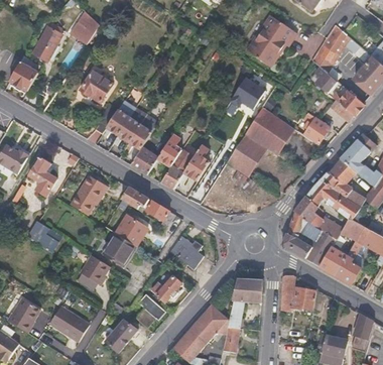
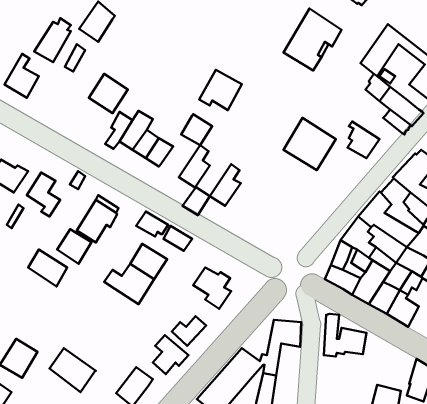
building: [231,75,267,109] -> [199,70,242,110]
building: [229,135,269,176] -> none
building: [131,148,157,174] -> [181,114,212,145]
building: [81,254,110,283] -> [57,229,92,264]

